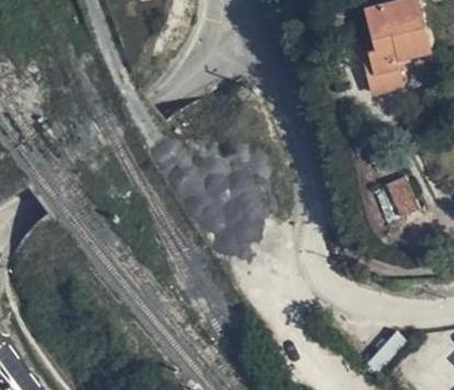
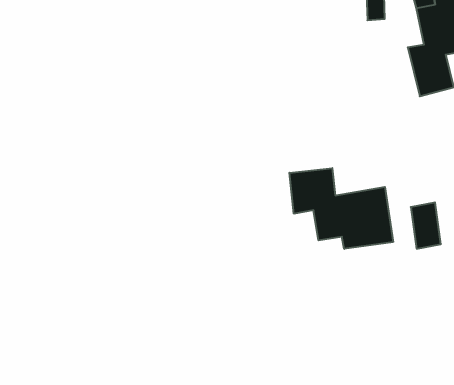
building: none -> [289,168,393,249]

